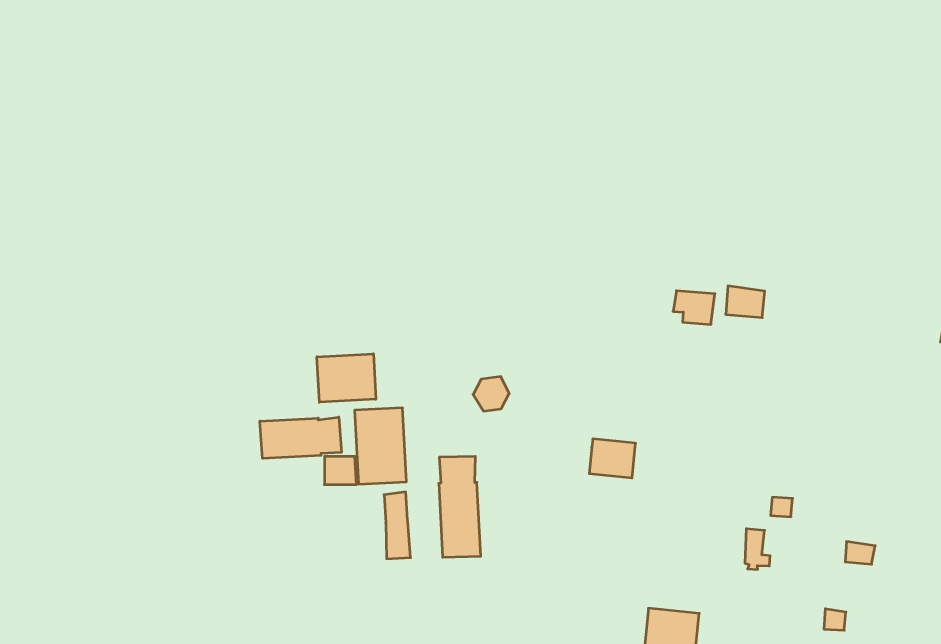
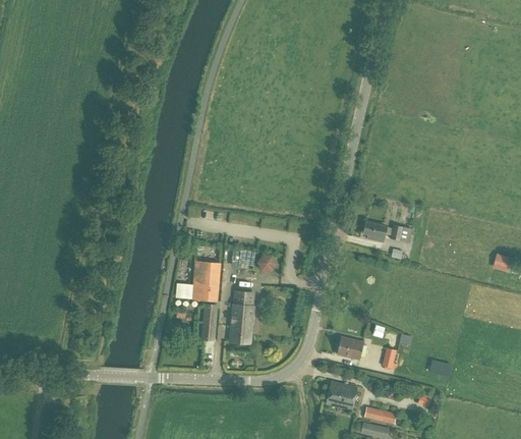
building: [317,354,376,402] -> none
building: [260,417,341,458] -> none
building: [589,439,636,478] -> [337,337,362,360]

